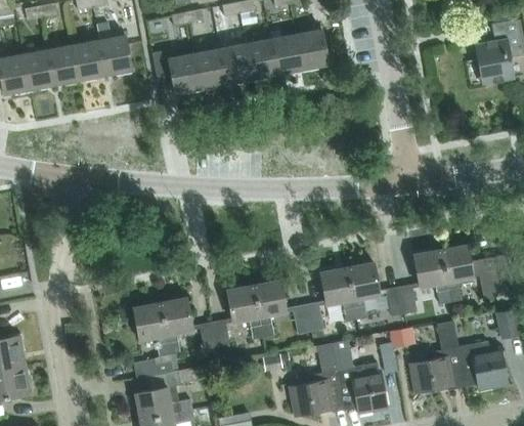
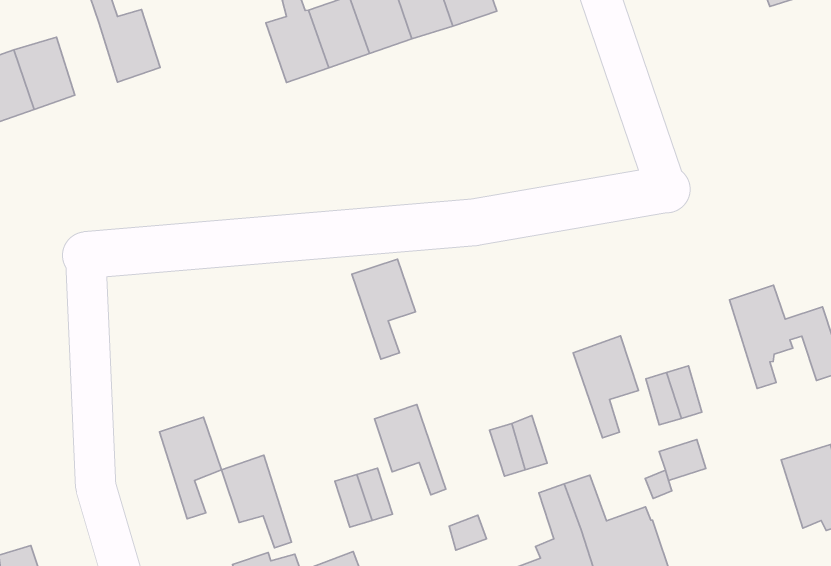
building: [74,40,105,80] -> none
building: [154,48,203,94] -> none
building: [414,249,450,303] -> none
building: [320,267,357,321] -> none
building: [253,280,287,336] -> [352,259,415,359]
building: [161,297,193,354] -> [159,417,221,519]
building: [410,320,466,392] -> none

